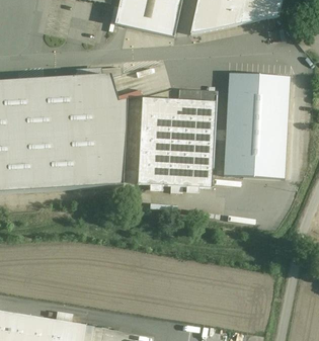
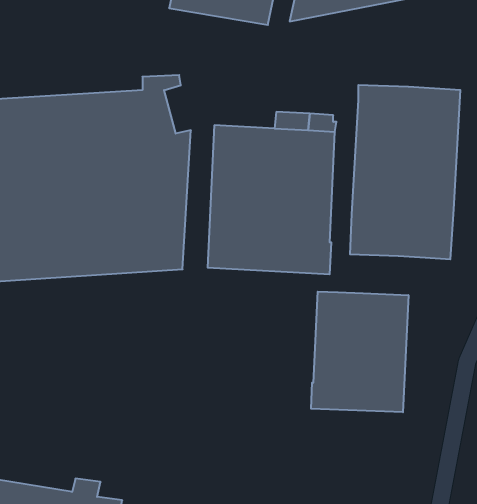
building: none -> [311,292,408,412]

